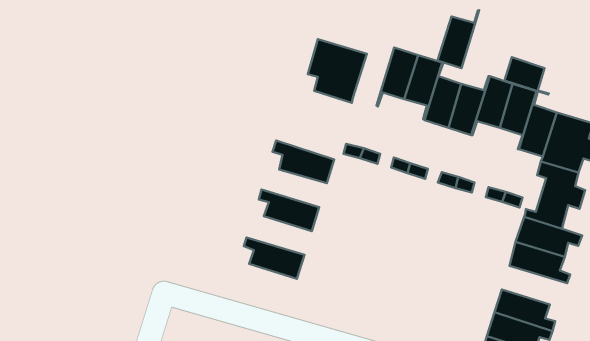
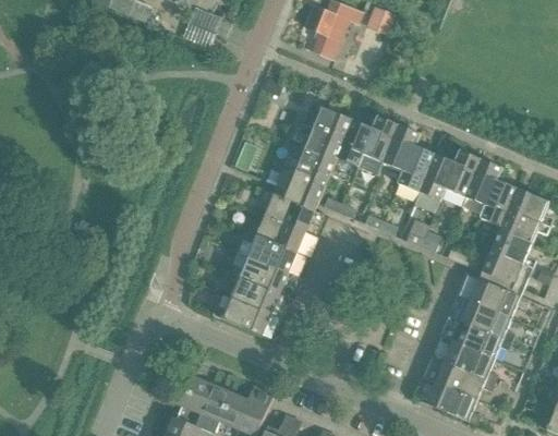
building: [437,10,479,68] -> [336,116,377,166]
building: [504,57,549,94] -> none
building: none -> [275,145,335,210]
building: none -> [246,215,305,252]
building: none -> [229,255,288,293]
building: none -> [211,296,270,335]
building: none -> [452,320,511,359]

